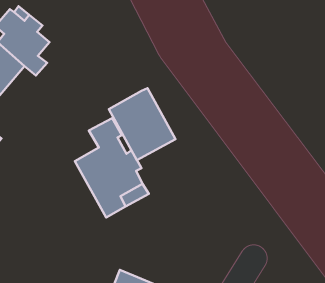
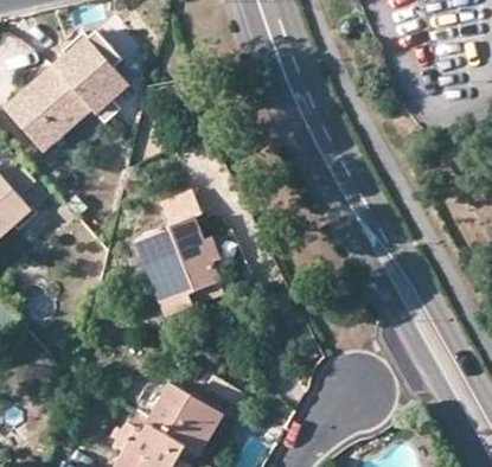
building: [109,88,176,160] -> none

